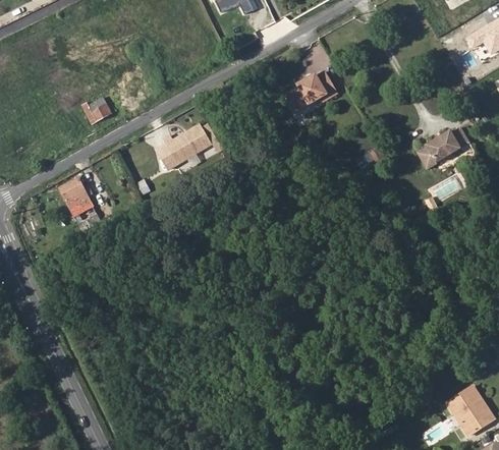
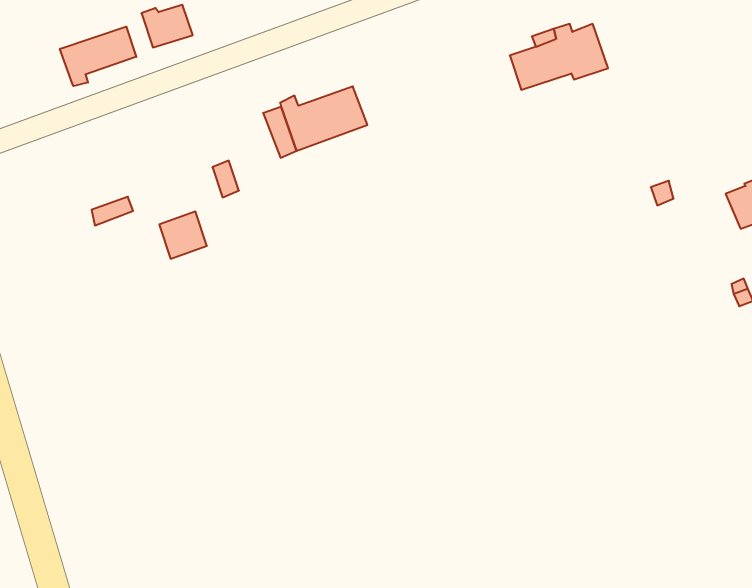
building: none -> [60,27,136,86]
building: [59,180,87,208] -> [159,212,207,259]

